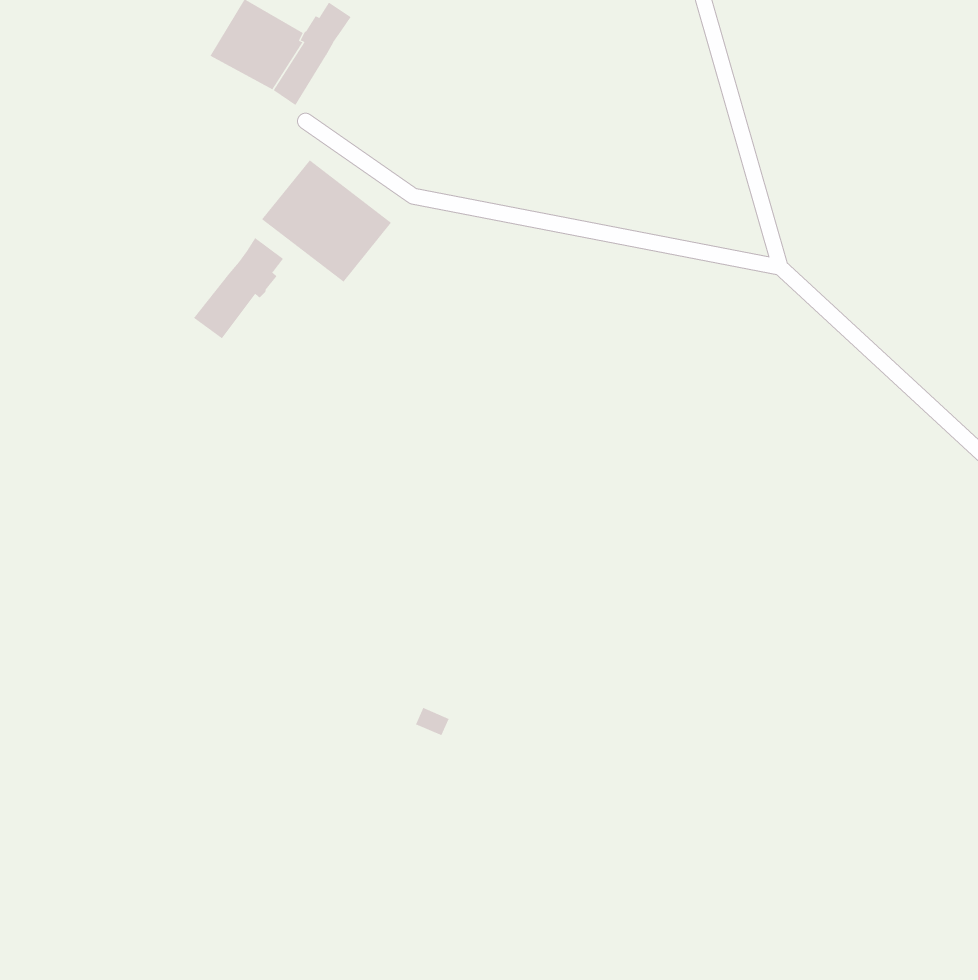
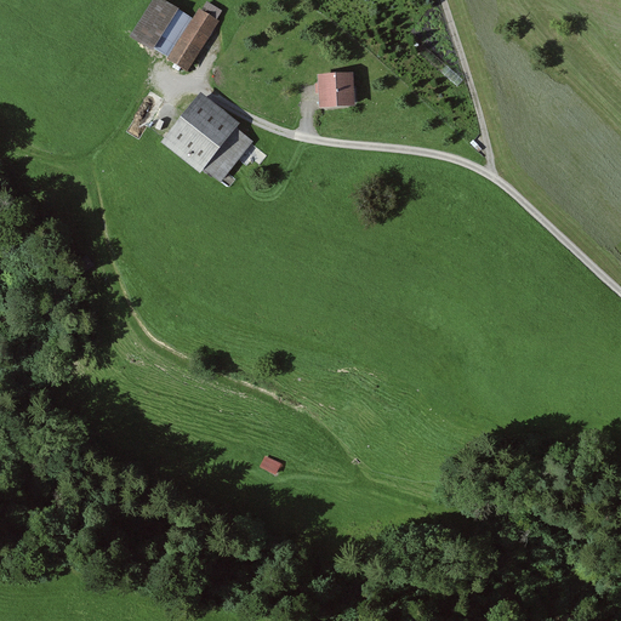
building: none -> [320,74,353,104]
building: [193,237,284,339] -> none

